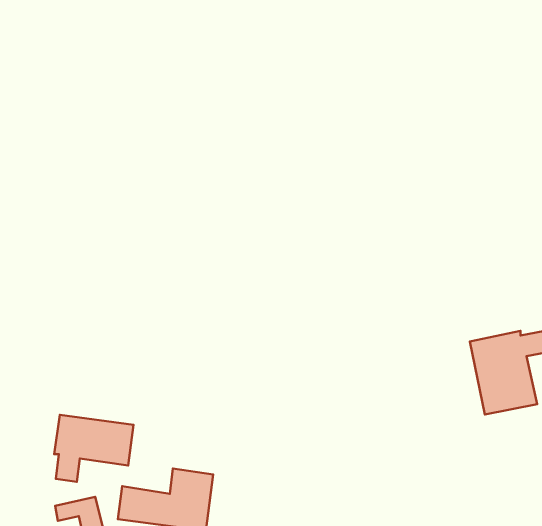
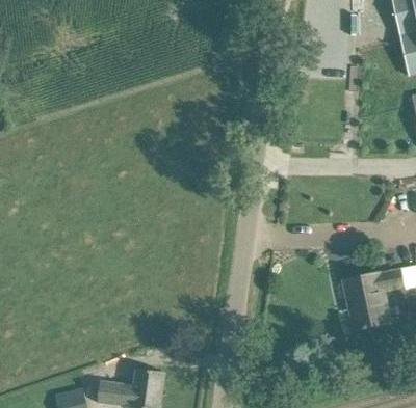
building: [54,415,134,482] -> none

